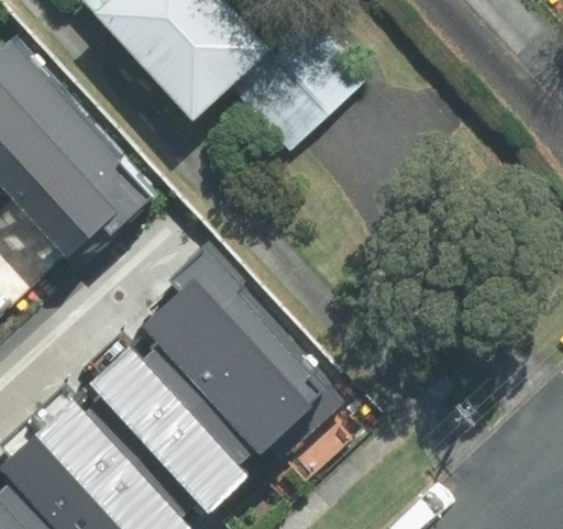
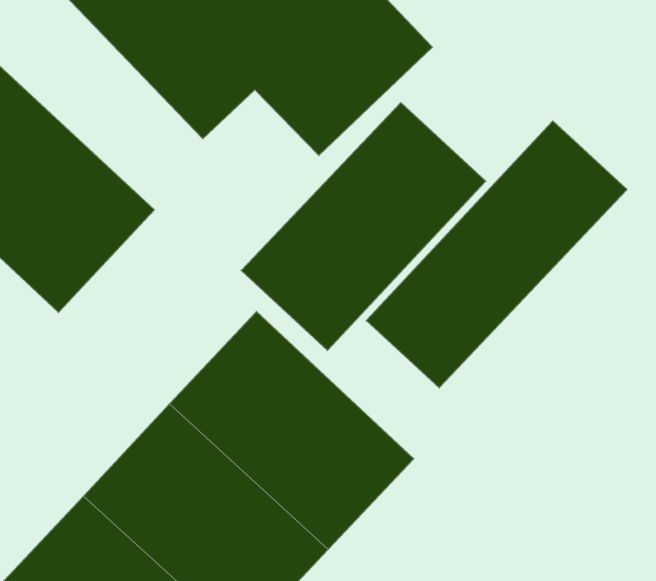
building: none -> [241,103,486,351]
building: none -> [366,121,627,388]

